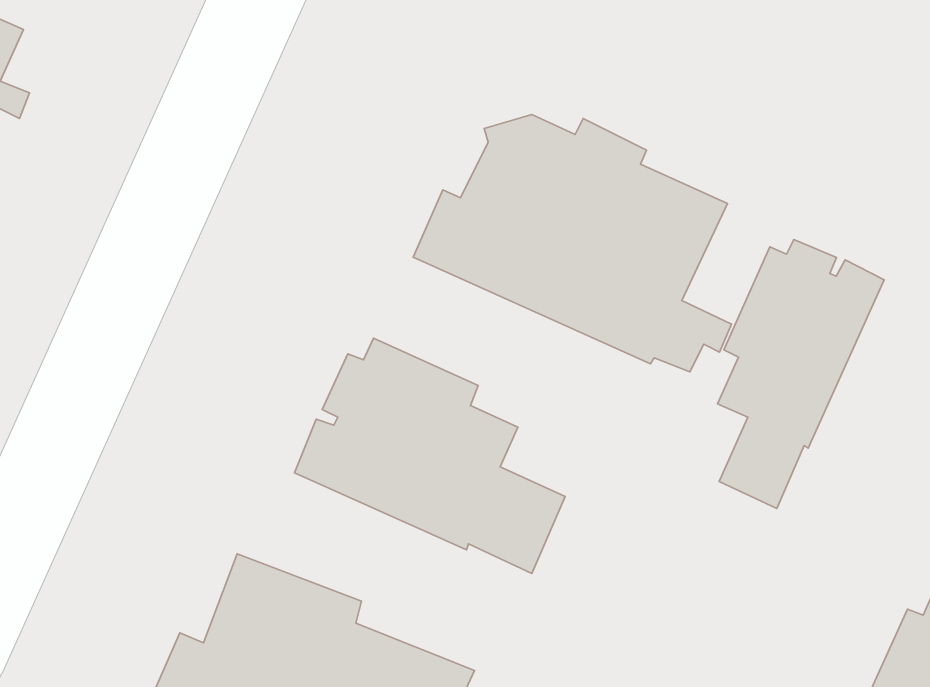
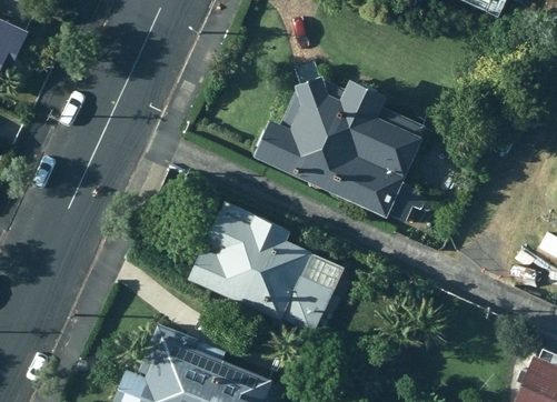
building: [718,239,884,508] -> none

